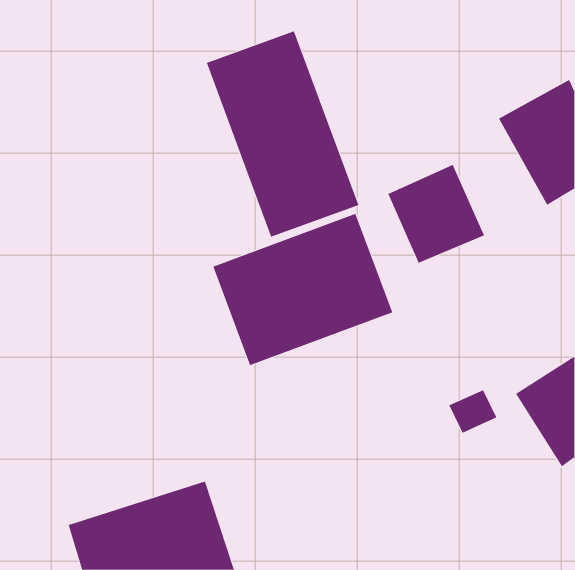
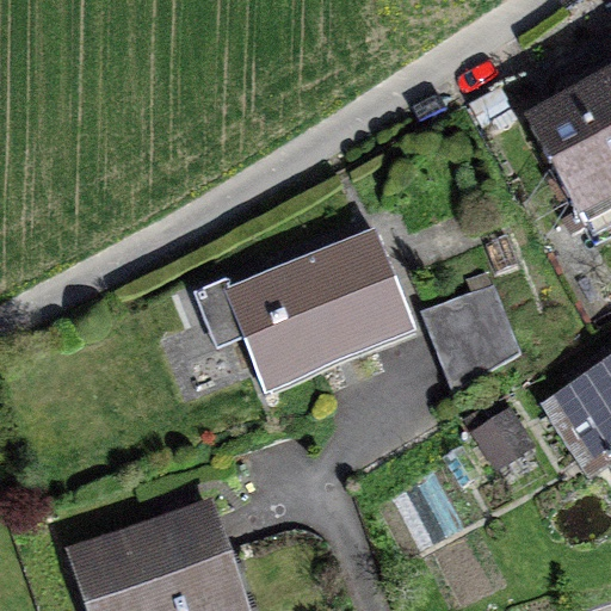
building: [206,30,359,237] -> none
building: [388,164,485,264] -> [424,285,526,390]

